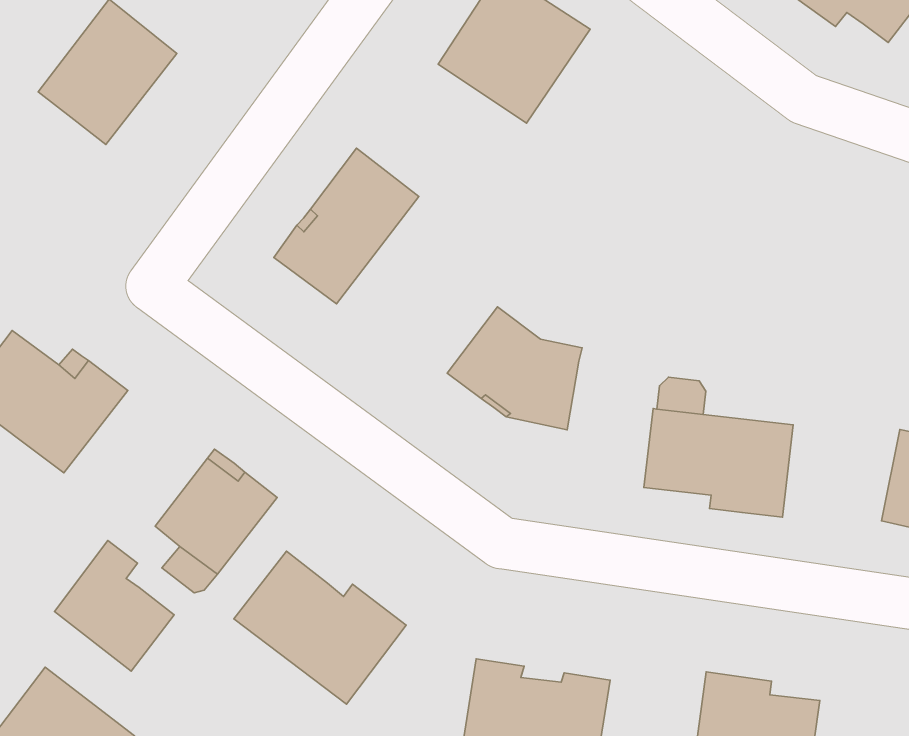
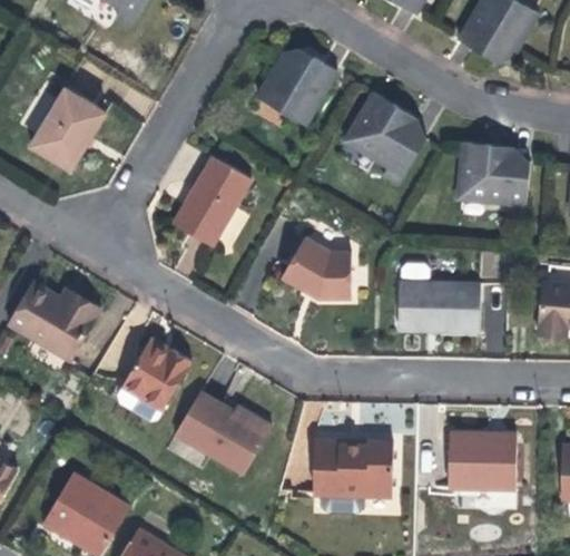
building: none -> [340,92,432,181]
building: none -> [459,143,529,215]
building: [55,540,174,671] -> none

